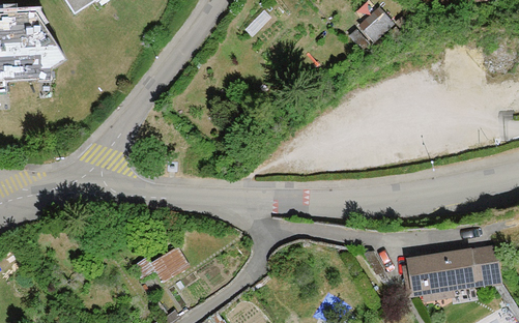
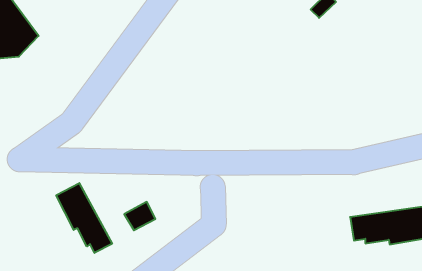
building: none -> [56,183,112,253]

